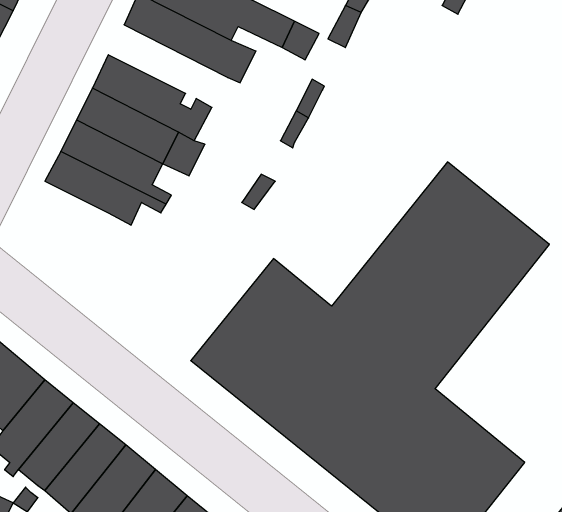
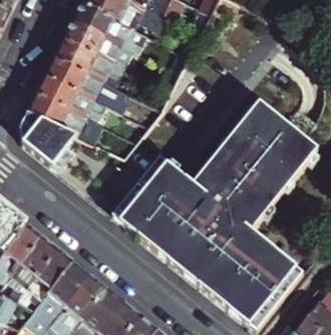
building: none -> [64,22,132,70]
building: none -> [20,111,66,168]

